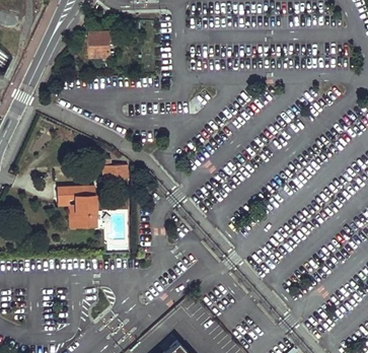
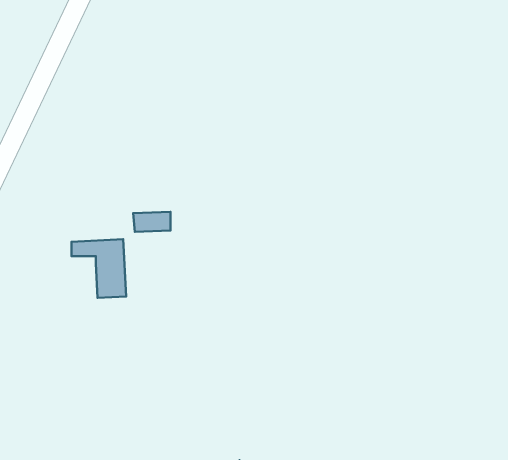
building: [90,31,111,57] -> none

